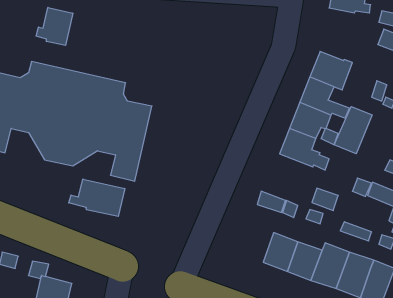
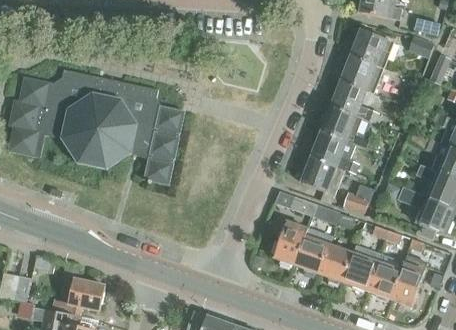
building: [36,7,73,45] -> none
building: none -> [350,30,392,67]
building: [334,107,372,154] -> none
building: none -> [300,157,343,196]
building: [69,179,125,216] -> none
building: none -> [272,221,307,264]

